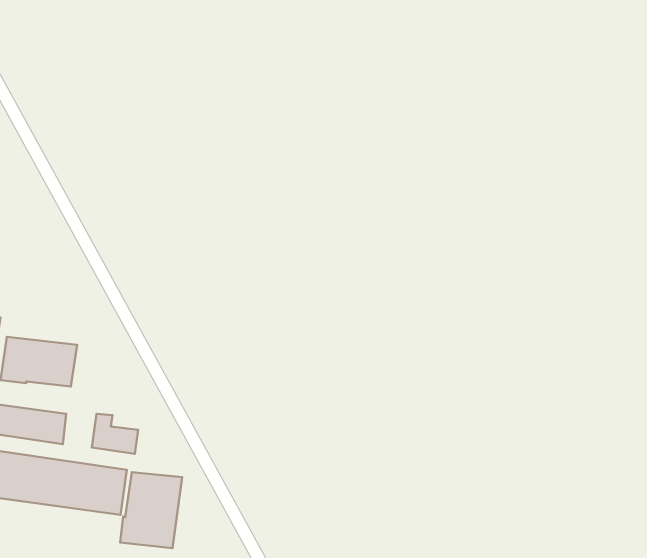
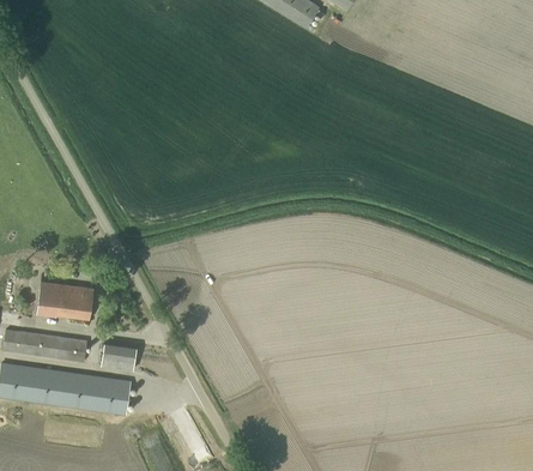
building: [120,472,182,548] -> none

